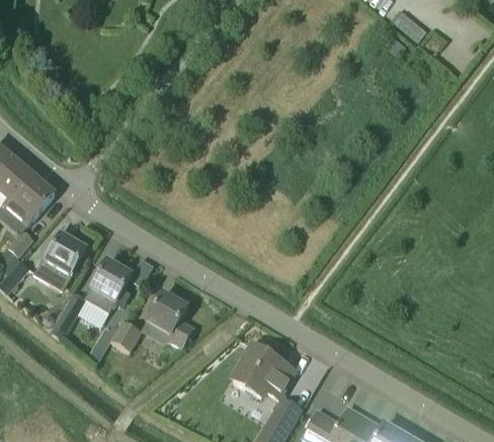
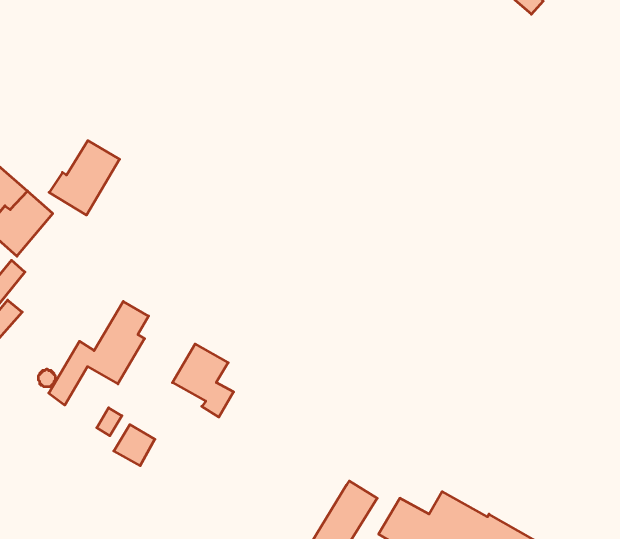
building: [32,233,86,289] -> [49,141,120,215]
building: [110,319,142,350] -> [114,425,155,466]
building: [232,345,295,401] -> none

